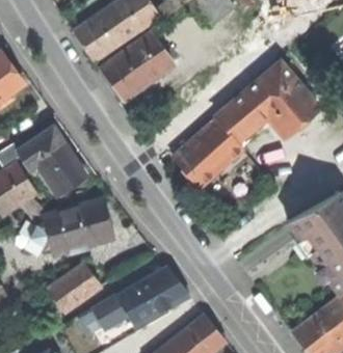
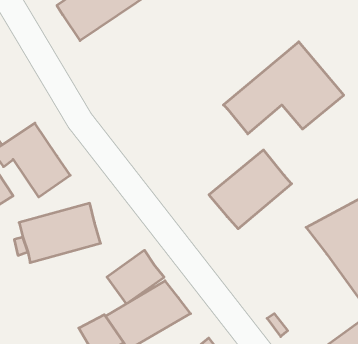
building: [100,31,174,99] -> none
building: [173,119,243,187] -> [209,150,292,229]
building: [52,264,101,309] -> [107,250,164,304]

